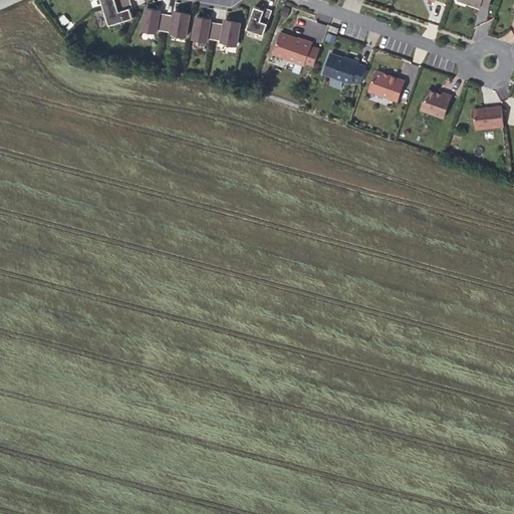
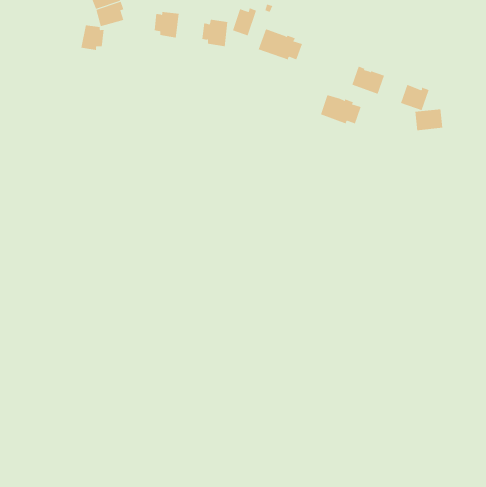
building: [139,9,164,36] -> [81,25,104,51]
building: [189,17,214,44] -> none
building: [322,51,365,82] -> [320,95,361,124]
building: [474,105,504,128] -> [415,109,443,131]

